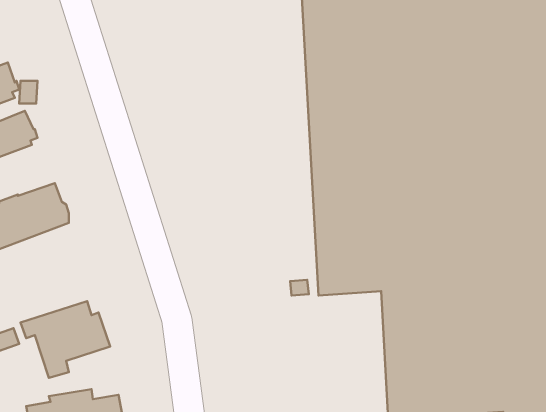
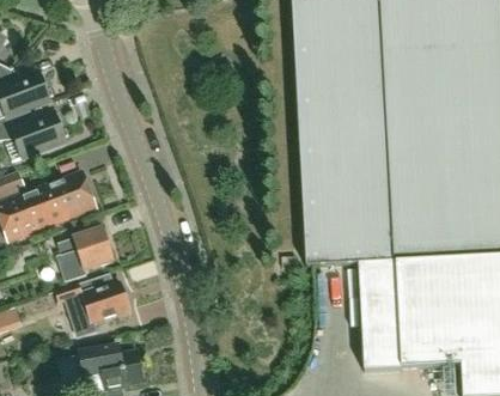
building: none -> [57,226,114,280]

